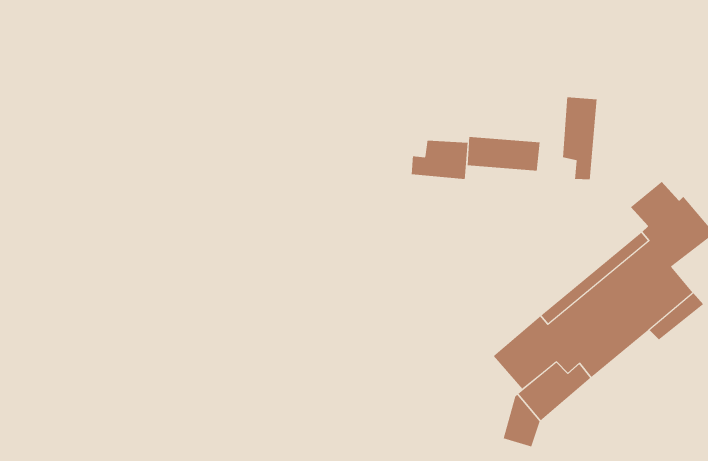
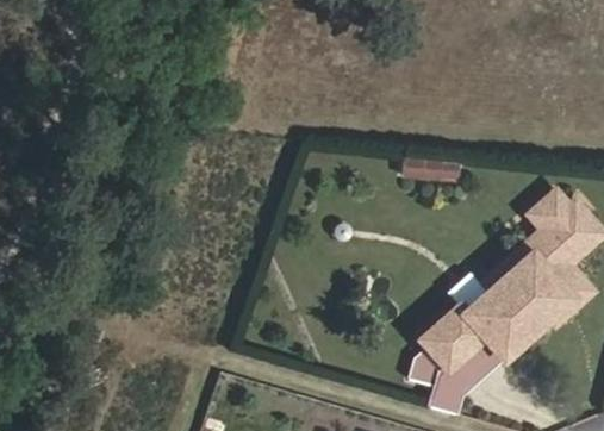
building: [562,96,597,180] -> none
building: [411,140,468,180] -> none

